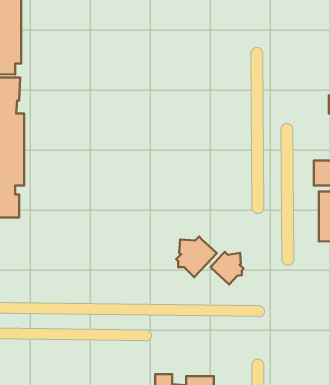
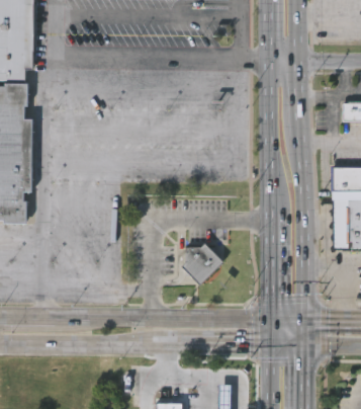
building: [210,252,243,285] -> none

